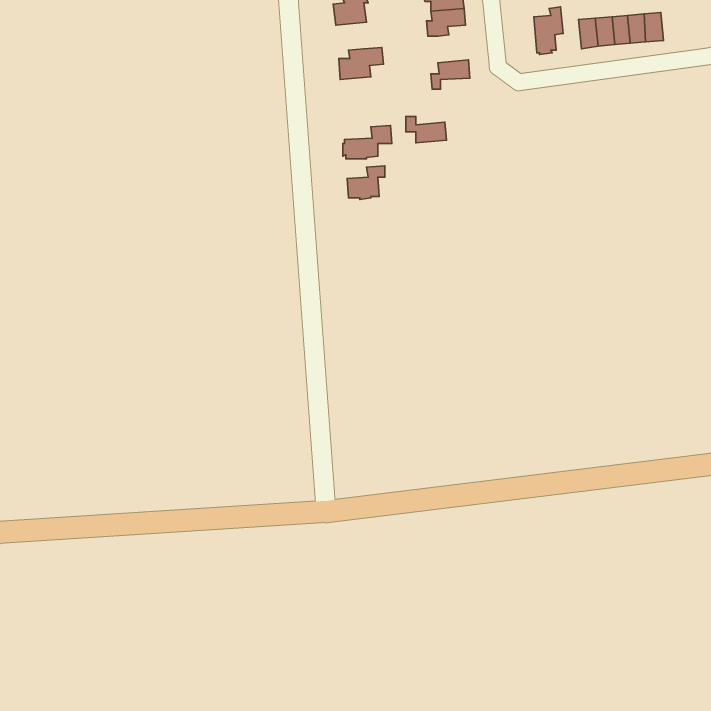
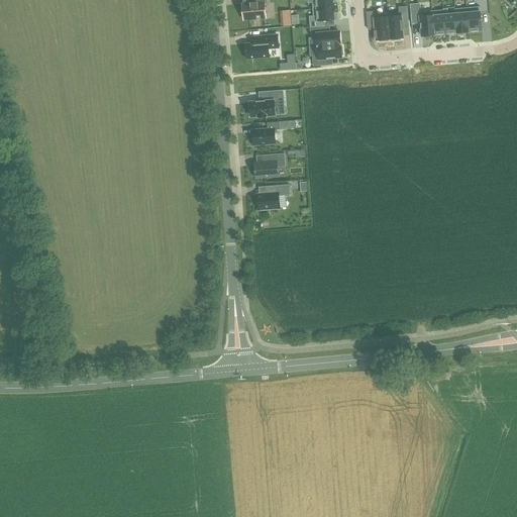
building: none -> [366,10,389,40]
building: [406,116,446,143] -> [310,26,339,45]
building: none -> [254,152,285,177]
building: none -> [256,183,290,209]

